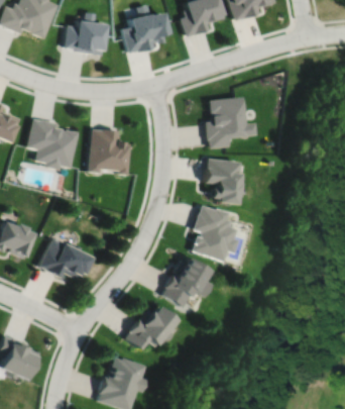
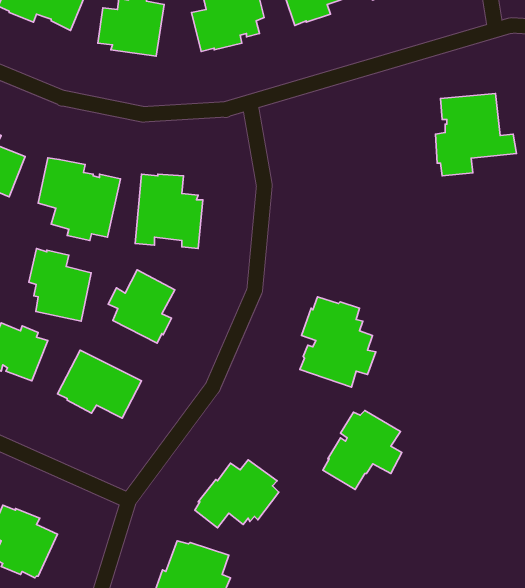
building: [206,96,256,147] -> [436,94,516,176]
building: [204,158,241,204] -> none
building: none -> [29,248,91,321]
building: none -> [108,270,175,343]
building: [161,258,211,307] -> [323,410,402,490]

